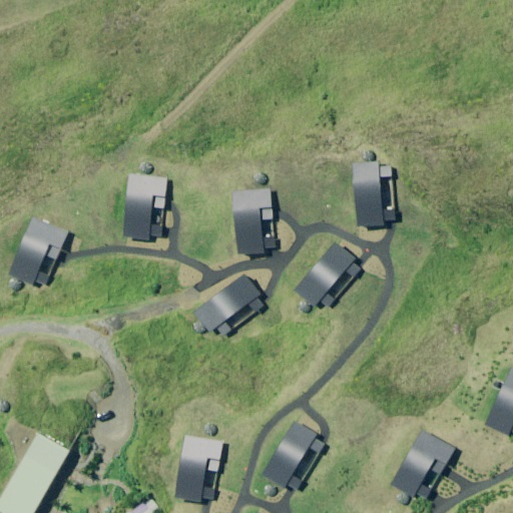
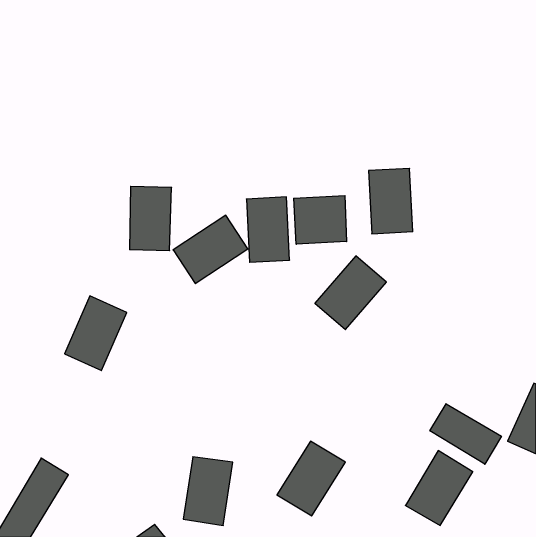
building: none -> [294,196,347,244]
building: [13,218,72,290] -> [65,296,127,371]
building: [192,274,264,339] -> [173,215,248,284]
building: none -> [430,404,501,464]

